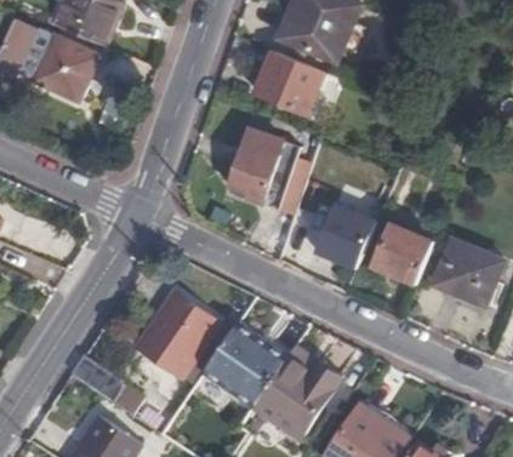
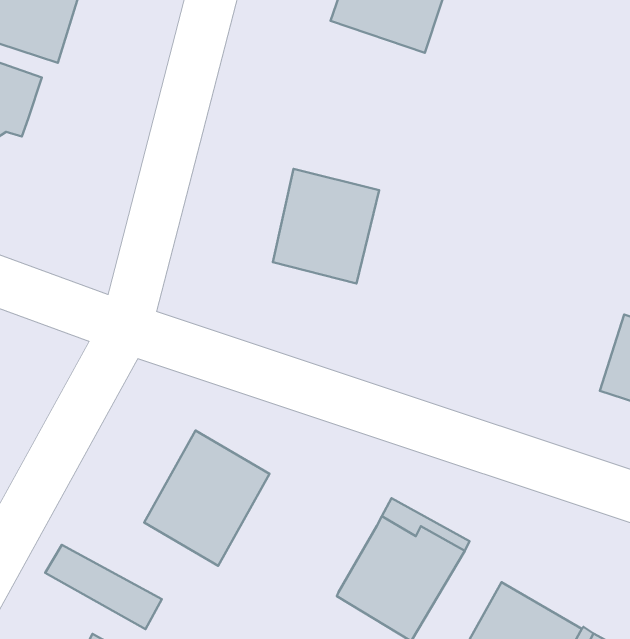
building: [258,50,326,114] -> none
building: [315,206,376,270] -> none
building: [375,223,437,285] -> none
building: [205,326,283,401] -> none

